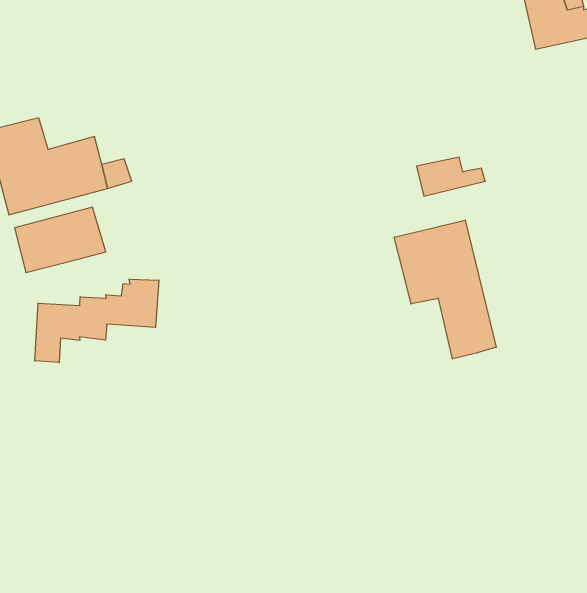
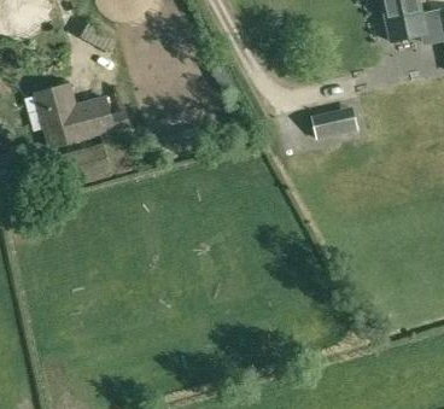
building: [394,220,496,359] -> none
building: [35,279,159,363] -> none

